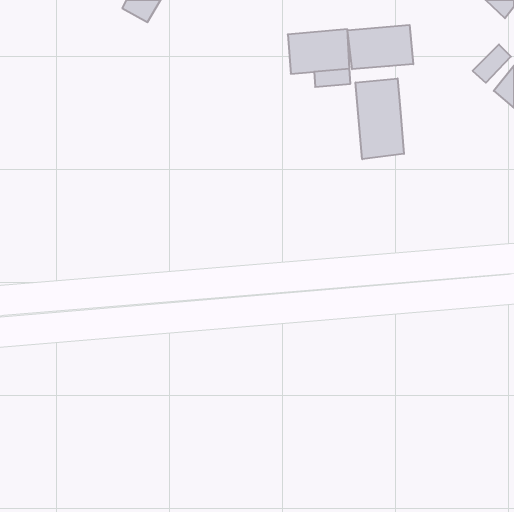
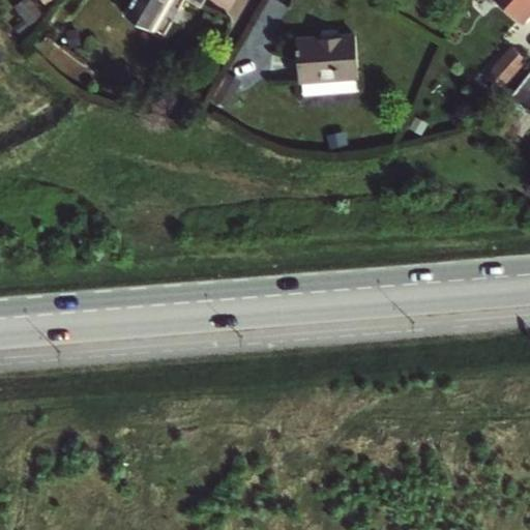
building: [347,25,413,69] -> none
building: [356,78,404,159] -> none

